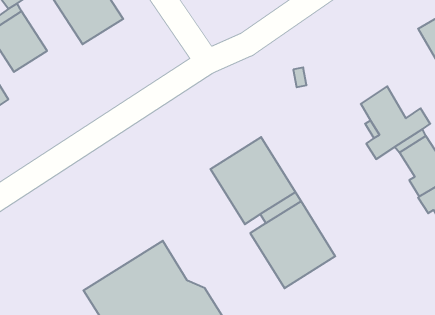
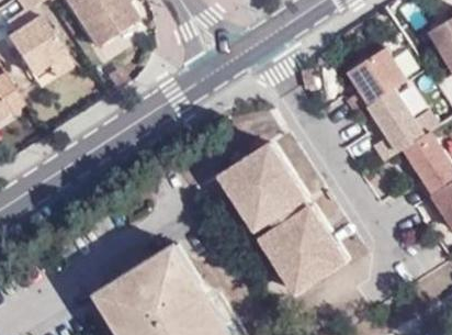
building: none -> [351,48,410,114]

